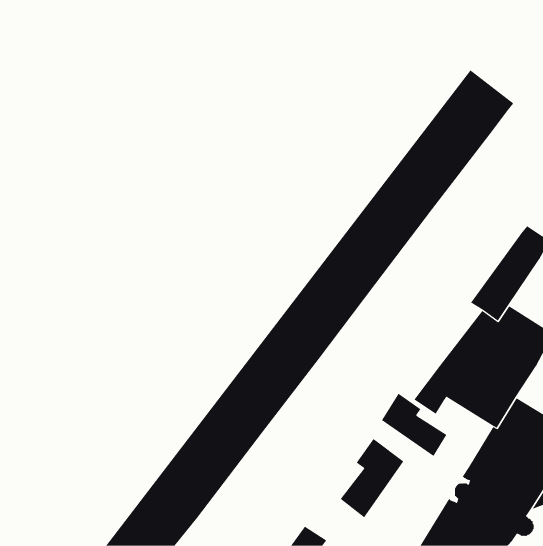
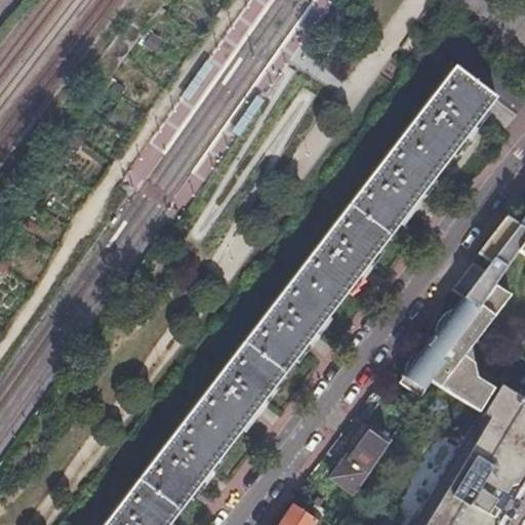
building: [381,393,447,457] -> none

